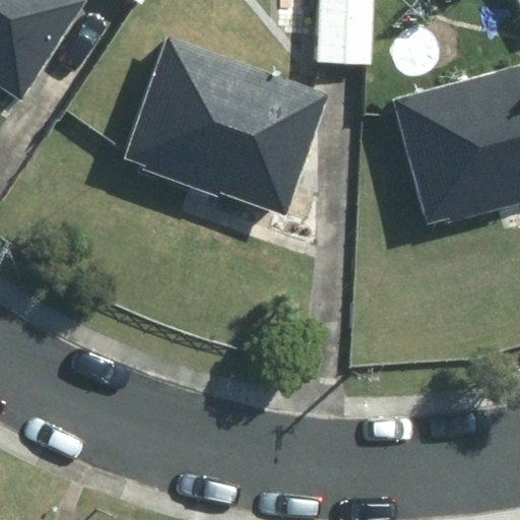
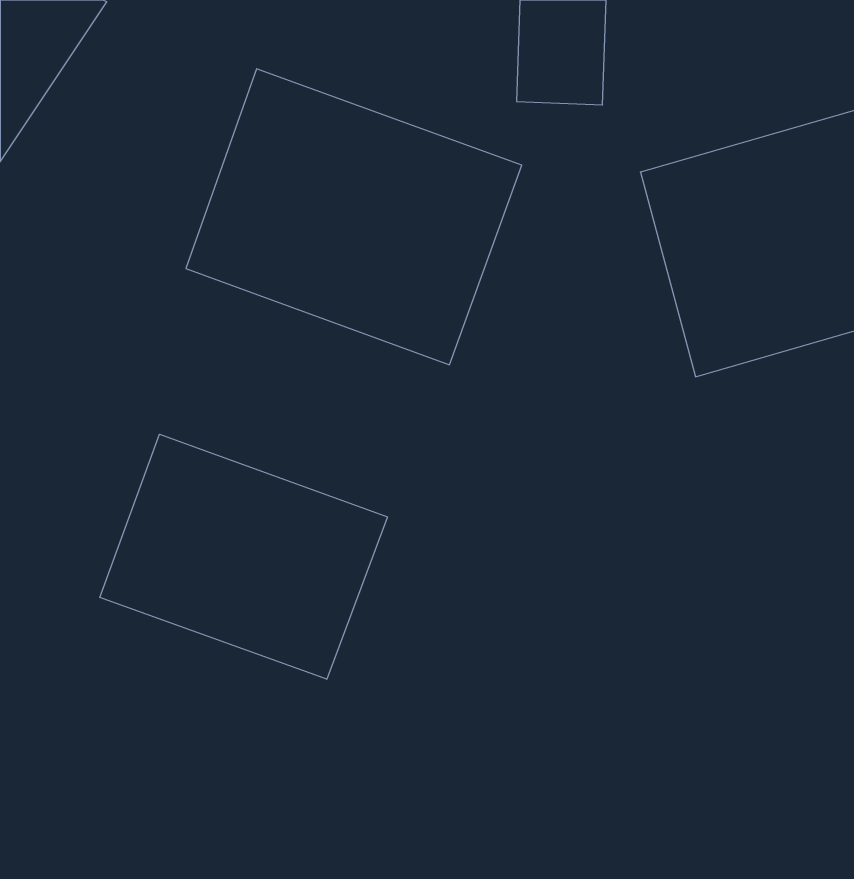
building: none -> [100,434,388,679]

